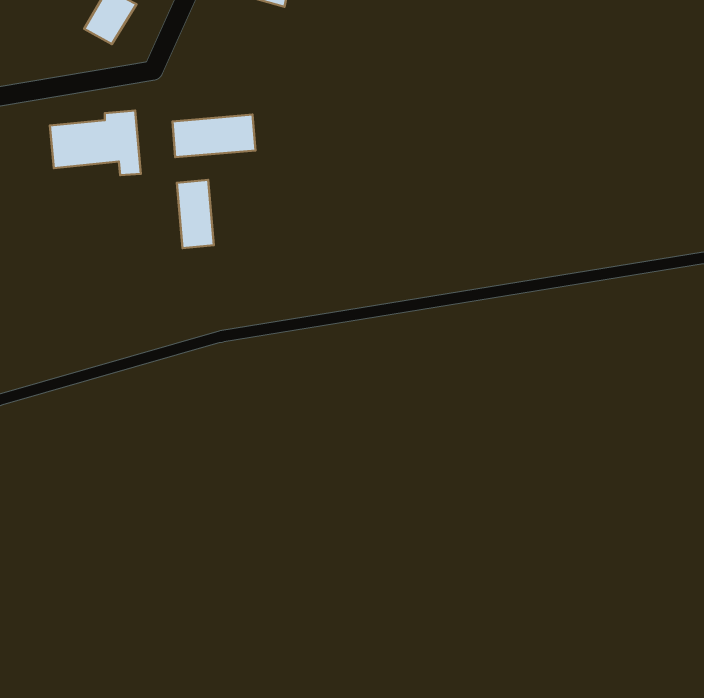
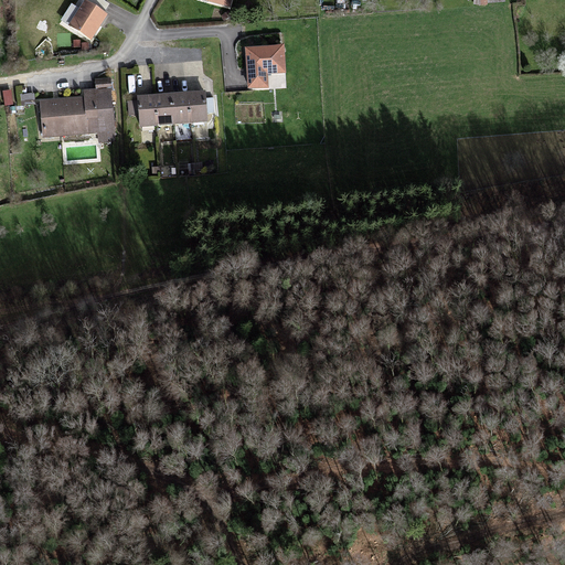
building: none -> [246,46,284,85]
building: [177,180,214,248] -> none

